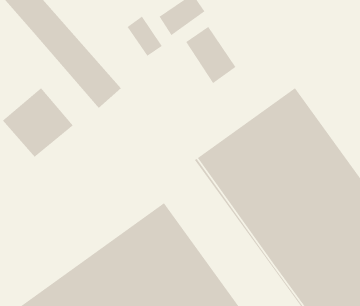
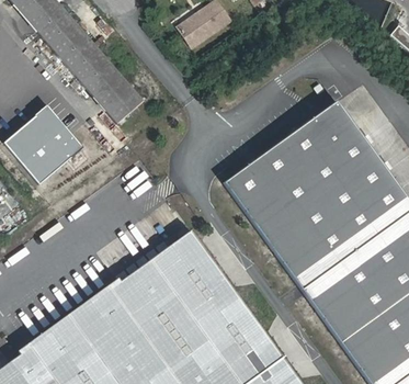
building: [126,15,163,57] -> none
building: [185,26,237,84] -> none

